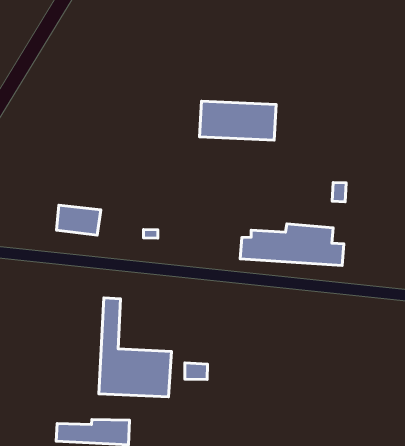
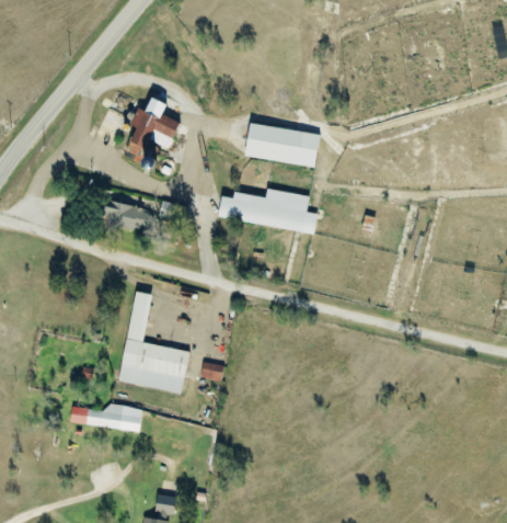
building: none -> [120,107,182,169]
building: [240,224,344,265] -> [219,190,318,236]

